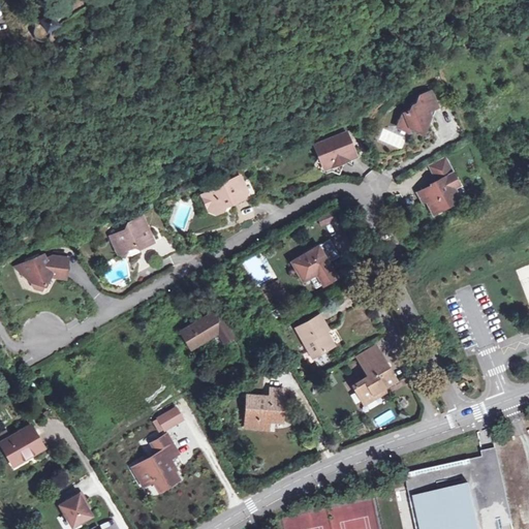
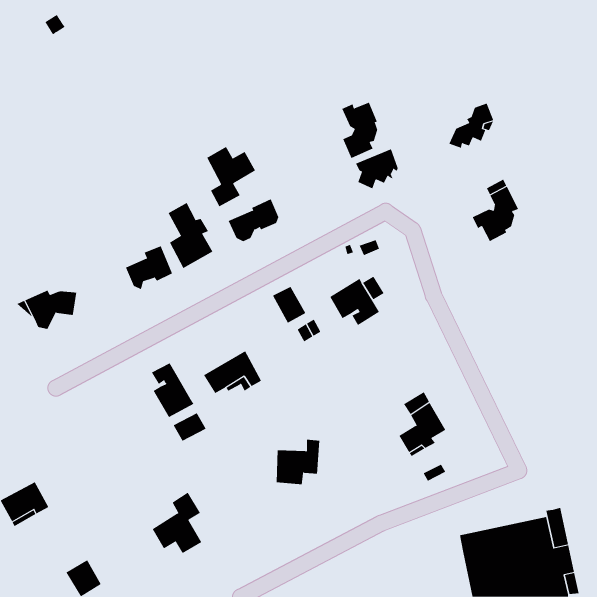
building: none -> [342,102,378,159]
building: none -> [206,146,256,207]
building: none -> [168,202,213,269]
building: [294,314,333,357] -> none
building: none -> [151,362,194,418]
building: [155,406,185,432] -> [173,412,207,442]

